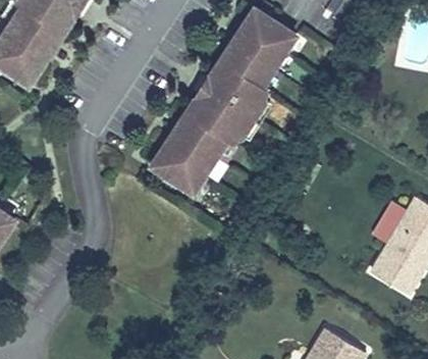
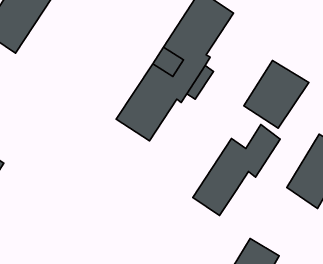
building: none -> [244,61,309,128]
building: none -> [193,125,280,215]

